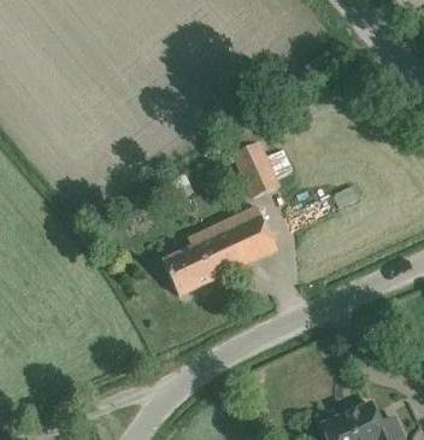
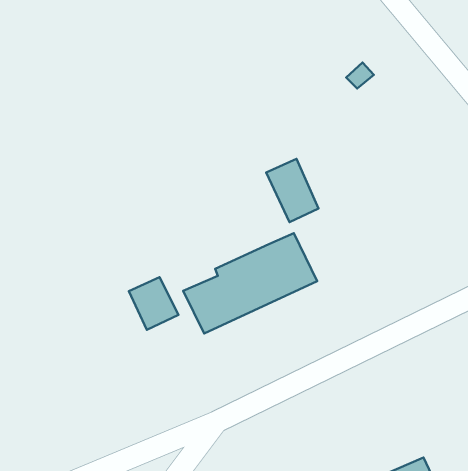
building: none -> [129,277,178,330]

